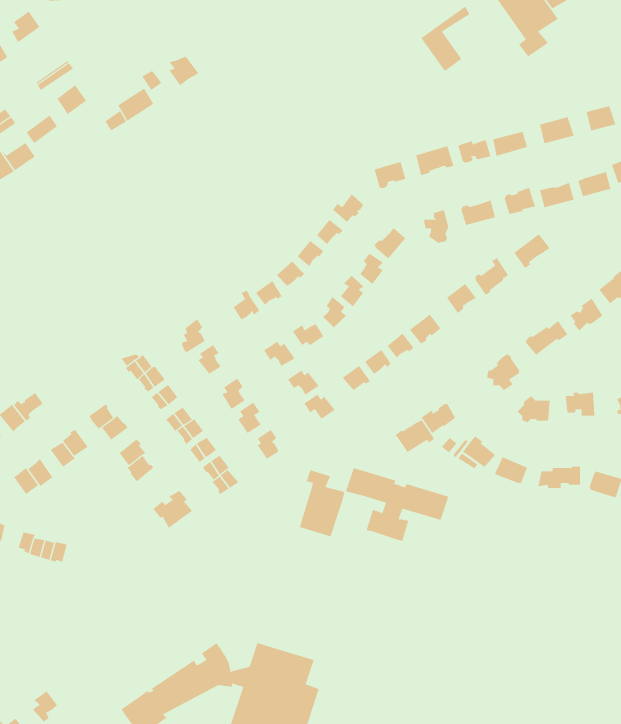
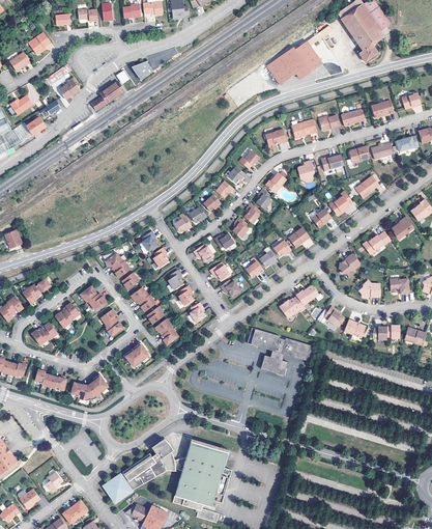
building: none -> [266,46,311,84]
building: [299,470,345,537] -> none
building: none -> [71,372,107,398]

